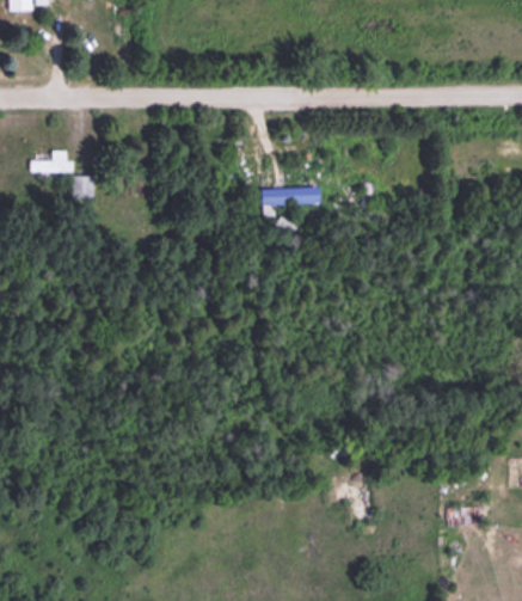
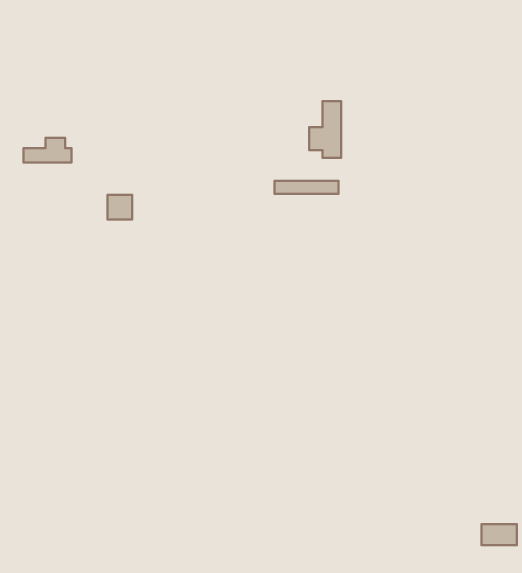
building: none -> [309,101,341,158]
building: [70,176,93,198] -> [107,195,132,219]

